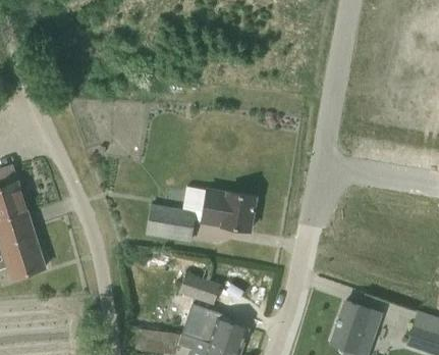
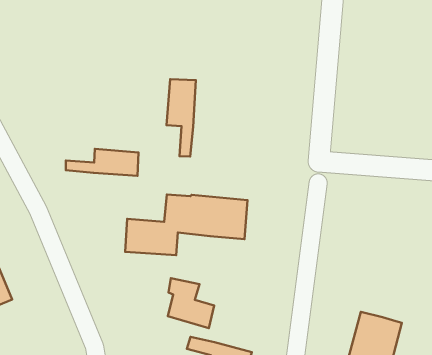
building: none -> [166,79,196,156]
building: none -> [66,149,138,176]

